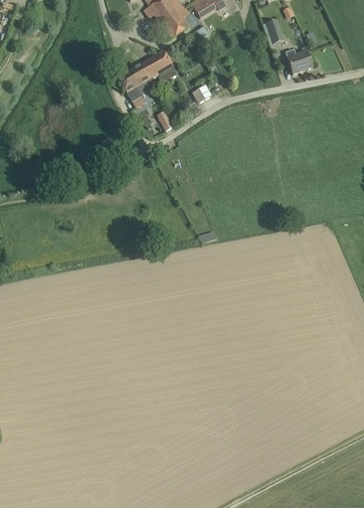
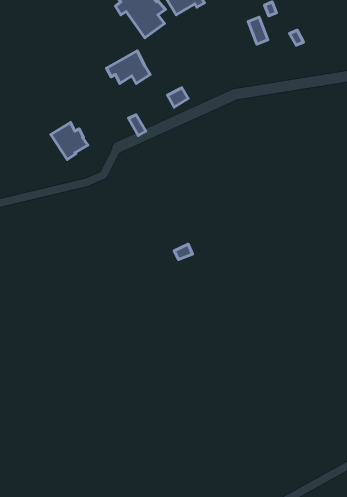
building: [286,48,313,73] -> none
building: [118,66,152,101] -> [51,122,88,159]

